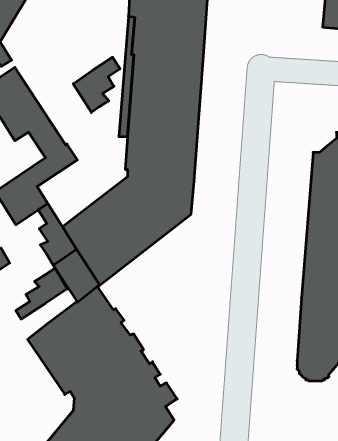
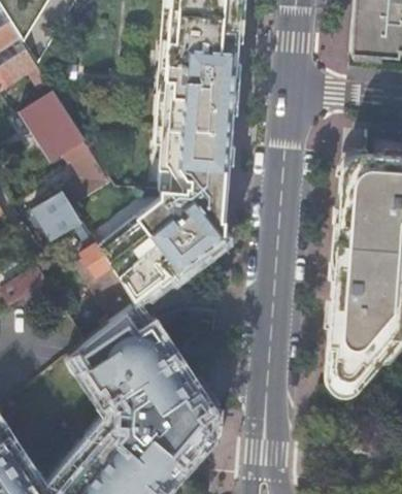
building: [73,57,120,113] -> none
building: [16,268,67,319] -> none

